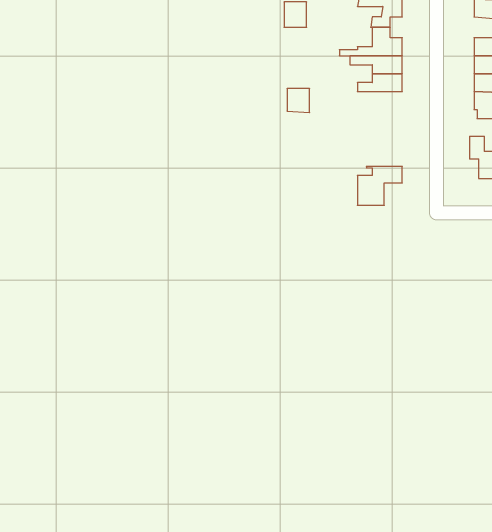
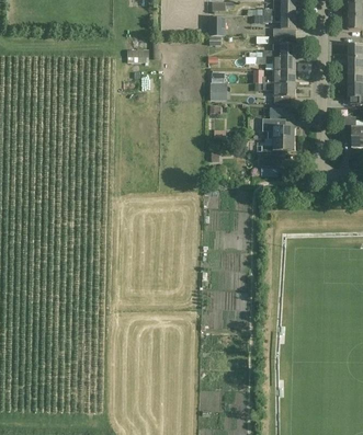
building: none -> [263,82,296,102]
building: none -> [263,117,296,137]

